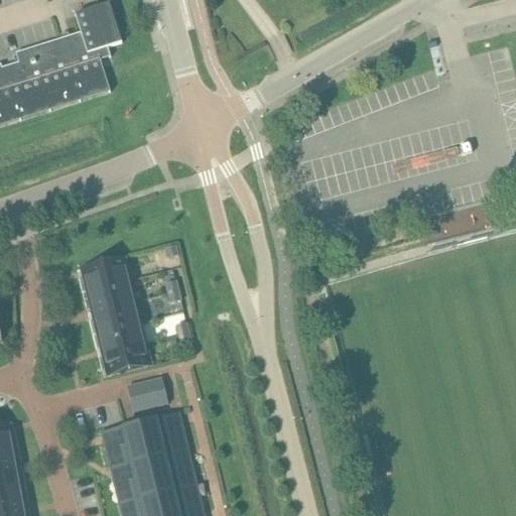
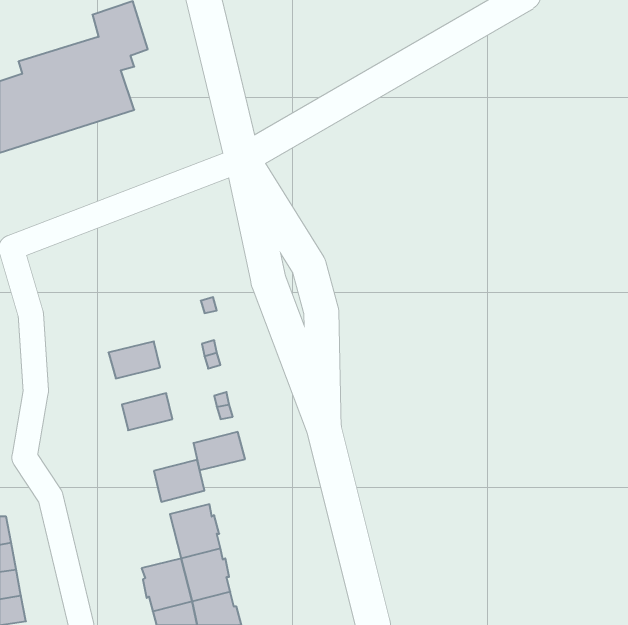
building: [84,257,126,288] -> none
building: [95,300,136,331] -> none
building: [105,343,147,374] -> [193,432,245,470]
building: [108,420,148,465] -> none

